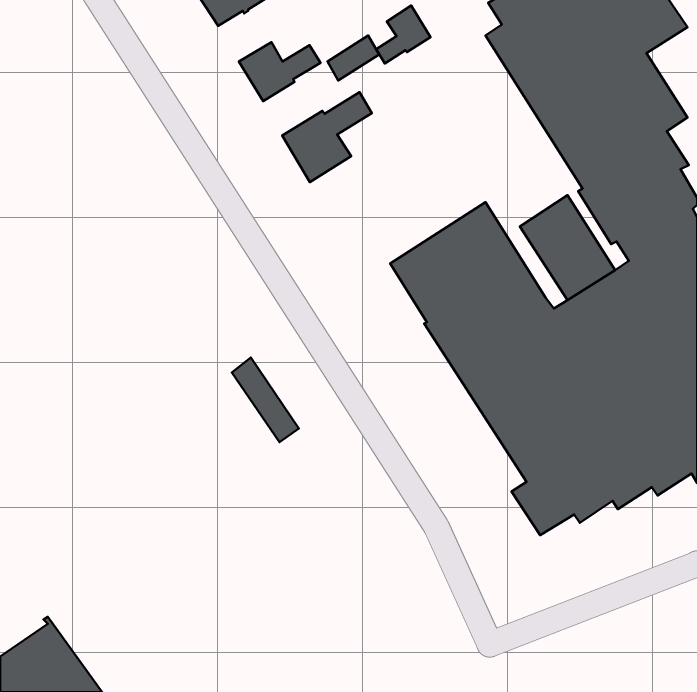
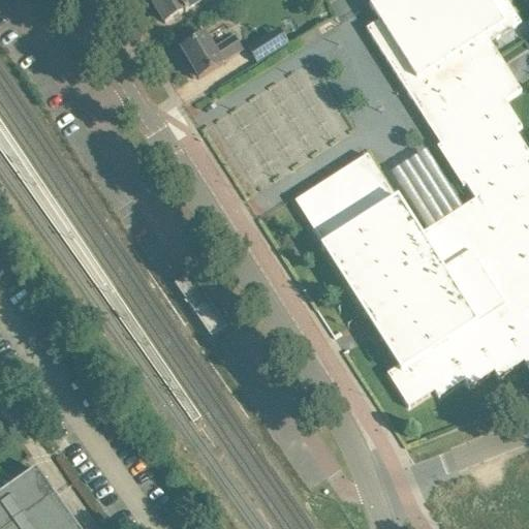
building: [376,6,431,63] -> none
building: [282,92,372,182] -> none

